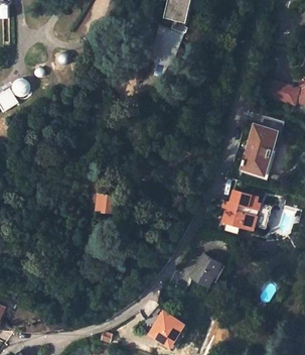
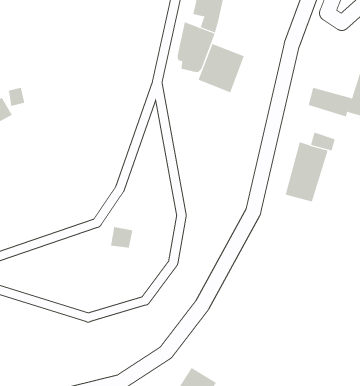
building: none -> [198,43,245,93]
building: [218,189,268,229] -> none
building: [190,254,220,285] -> none

